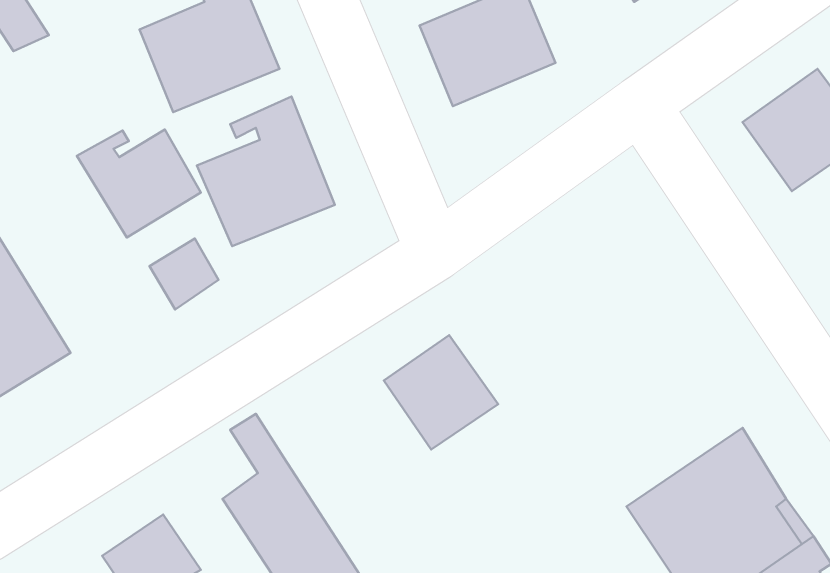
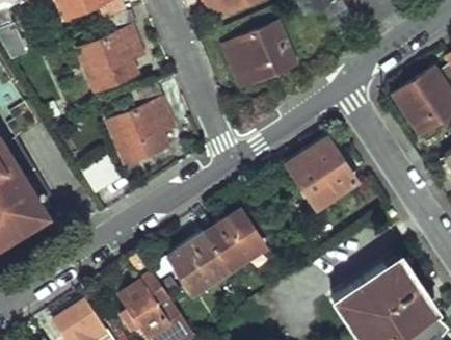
building: [77,130,201,238] -> none
building: none -> [287,139,356,209]
building: none -> [169,233,231,293]

